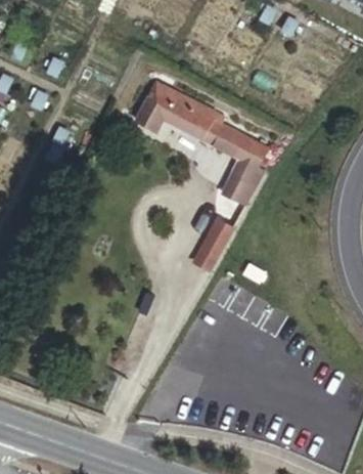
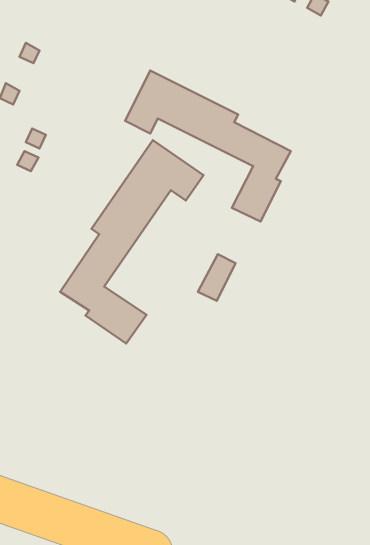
building: none -> [60,140,203,344]

